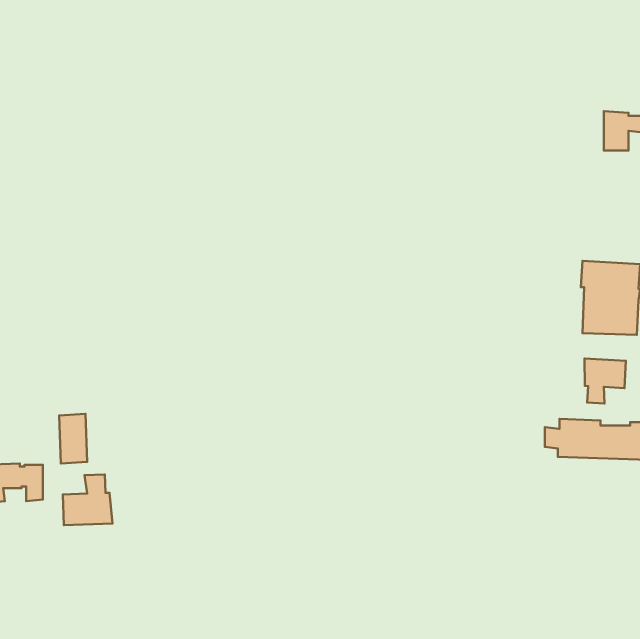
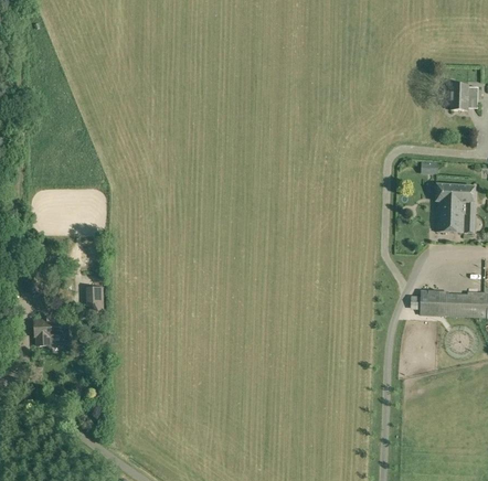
building: [584,359,626,403] -> none
building: [63,474,113,525] -> none

